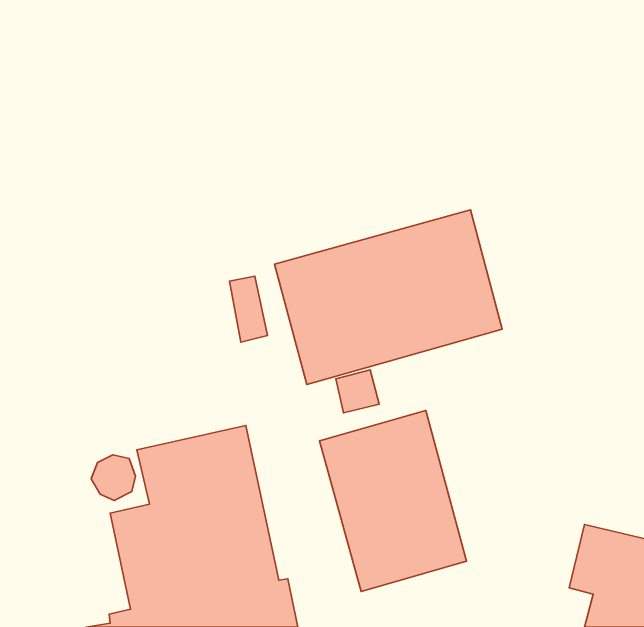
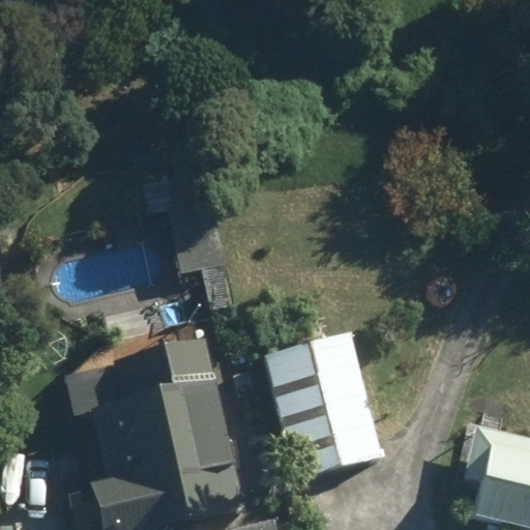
building: [275,210,502,385] -> none

